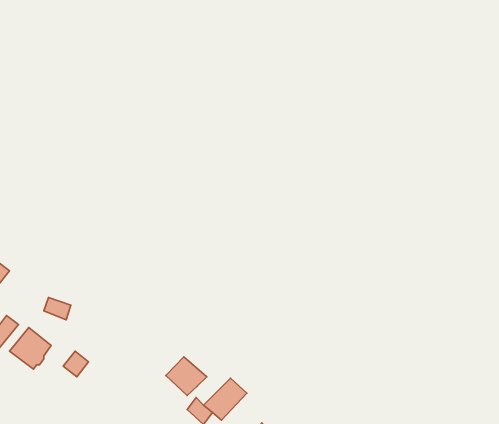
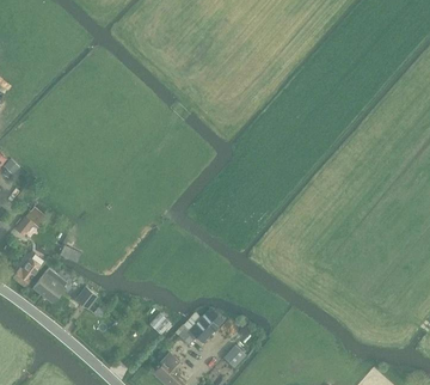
building: [166,357,207,396] -> none

